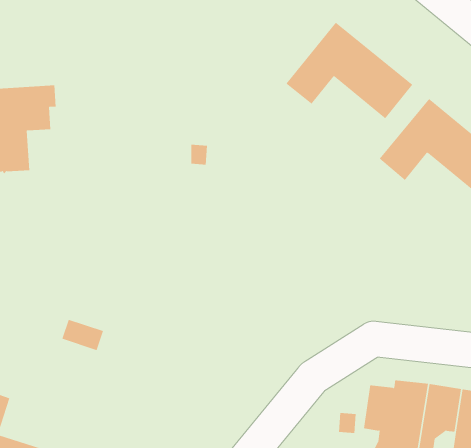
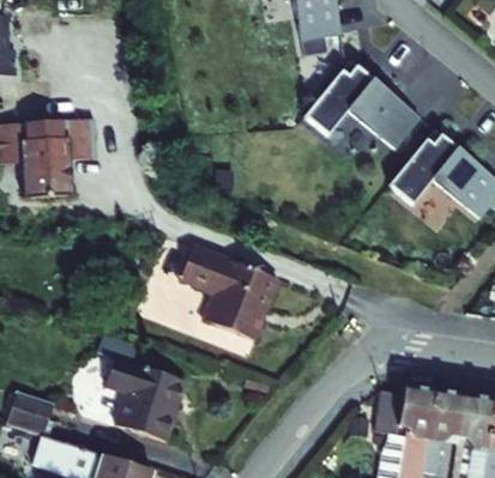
building: none -> [180,244,278,339]
building: none -> [105,357,186,441]

